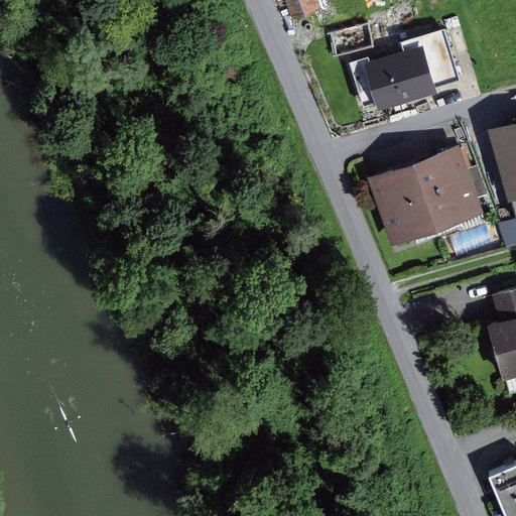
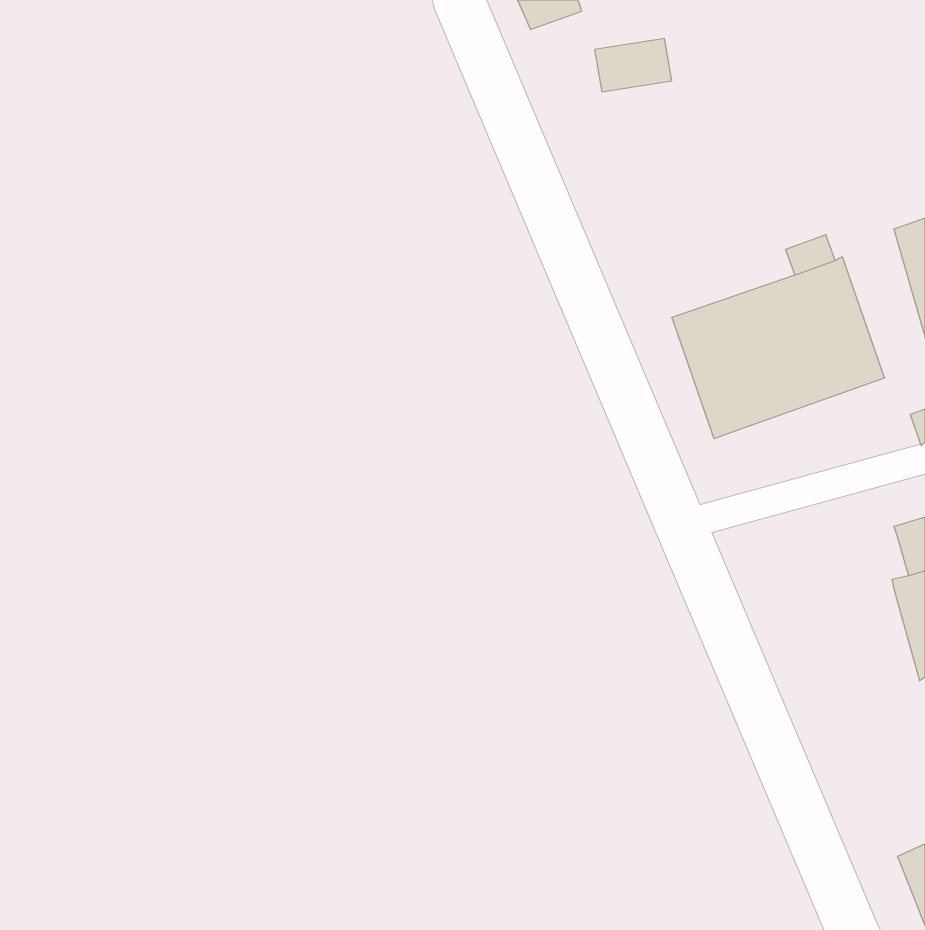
building: [353,30,462,111] -> none

